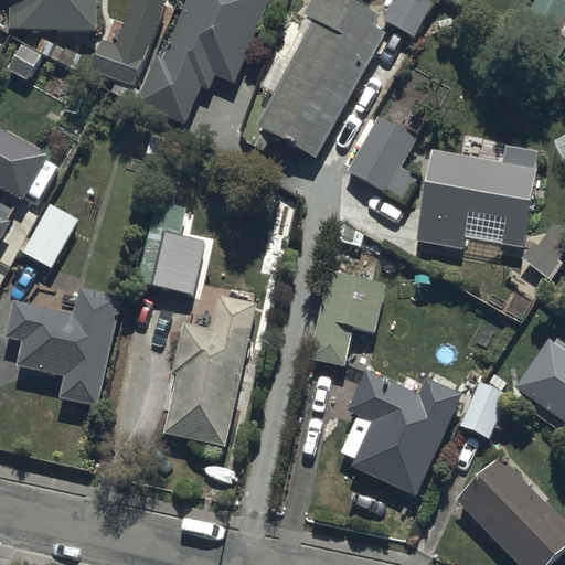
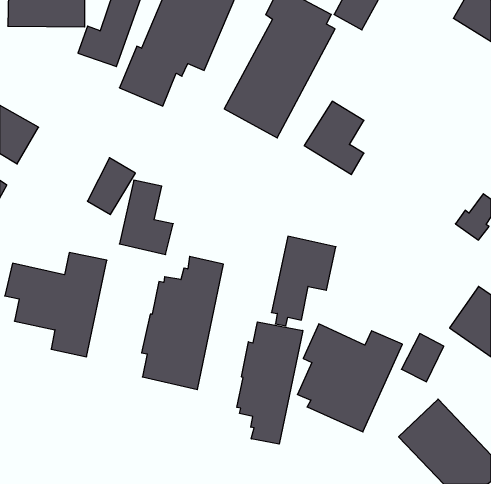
building: [418,147,540,247] -> none
building: [24,202,79,267] -> [87,158,135,215]
building: none -> [237,322,303,444]

